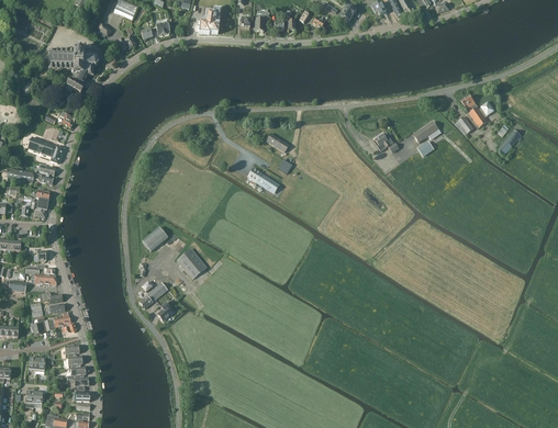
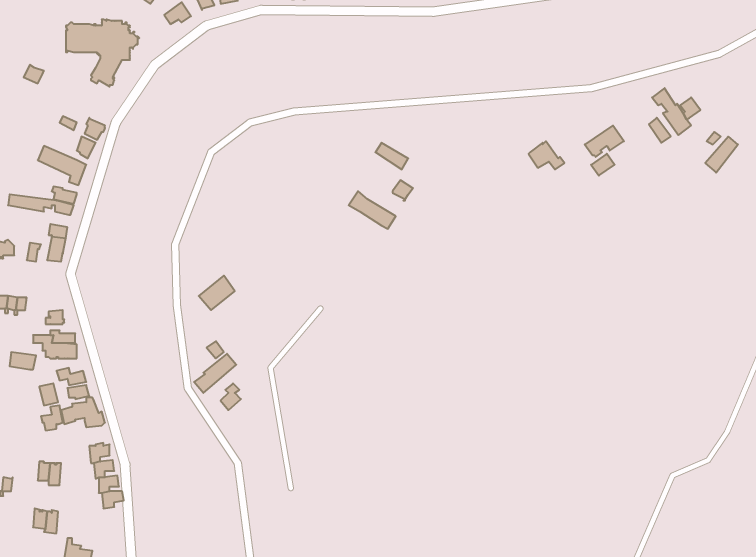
building: [177,248,207,279] -> none

